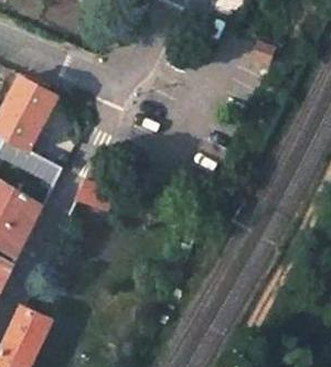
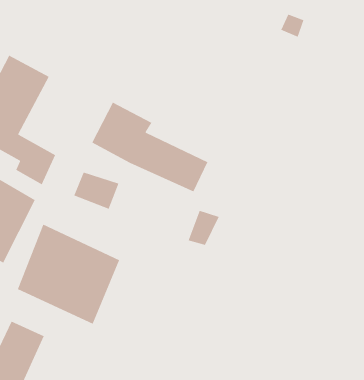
building: none -> [91,102,208,193]
building: none -> [17,223,120,325]

